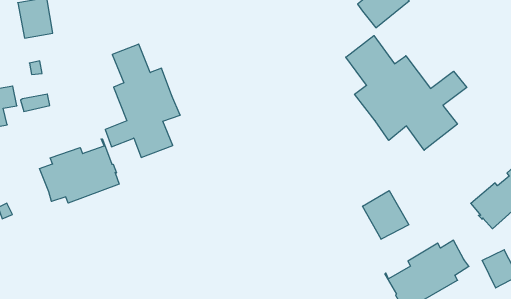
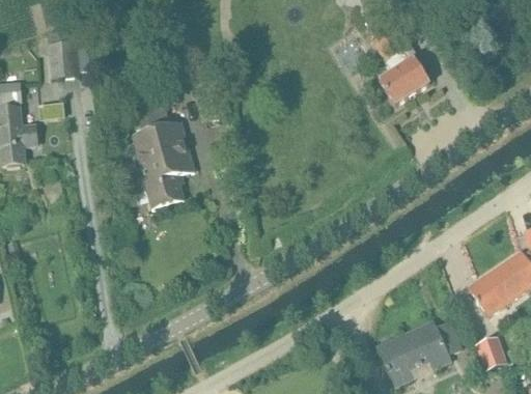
building: [346,36,467,150] -> none
building: [40,139,119,203] -> none
building: [363,191,409,239] -> none

